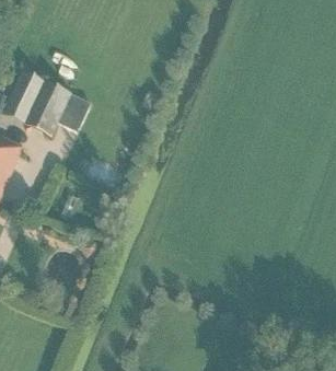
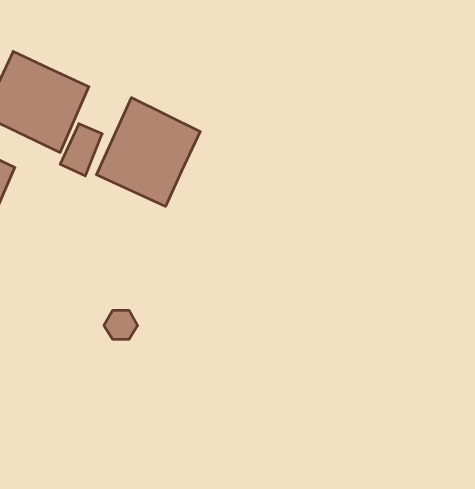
building: none -> [96,98,200,206]

